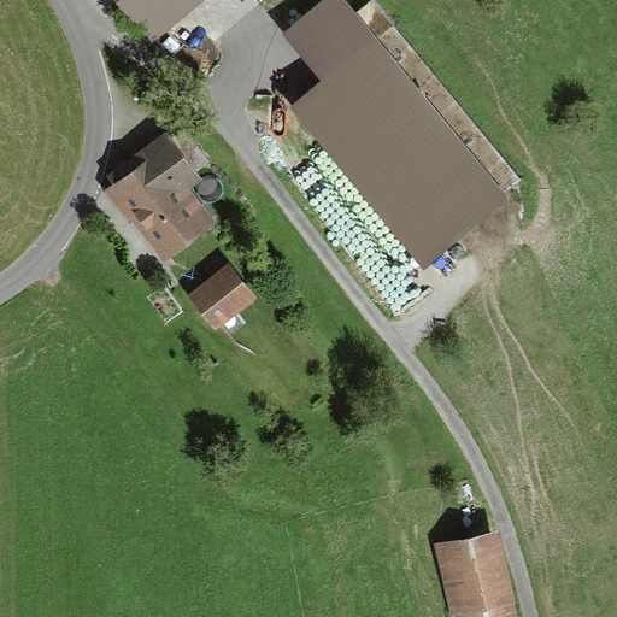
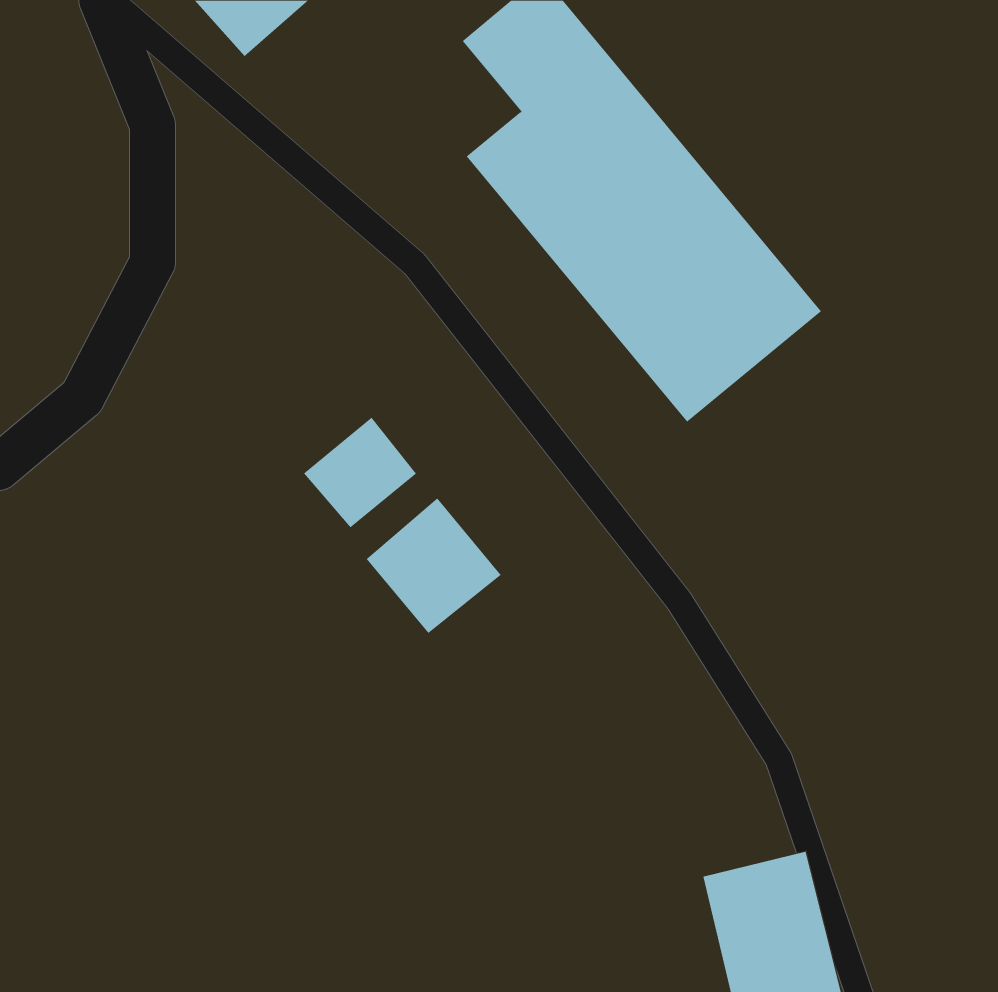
building: [102,127,216,263] -> none
building: none -> [366,498,502,634]

